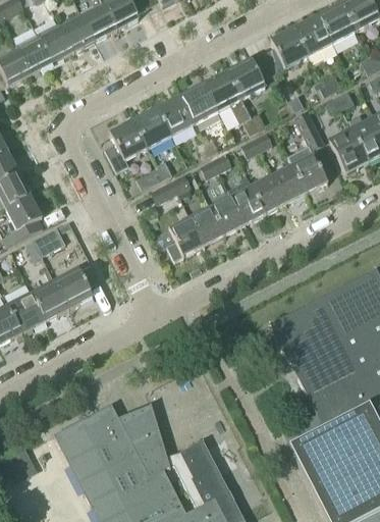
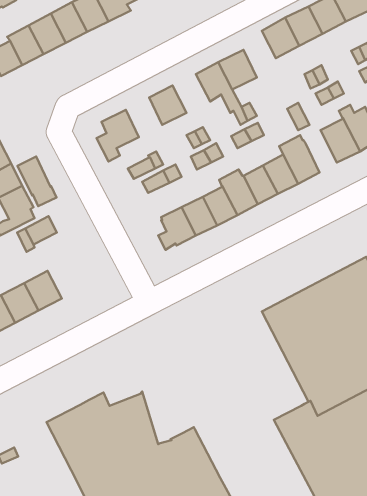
building: [180,84,217,122] -> none
building: [133,107,170,147] -> none
building: none -> [17,156,56,206]
building: [55,269,94,309] -> none

